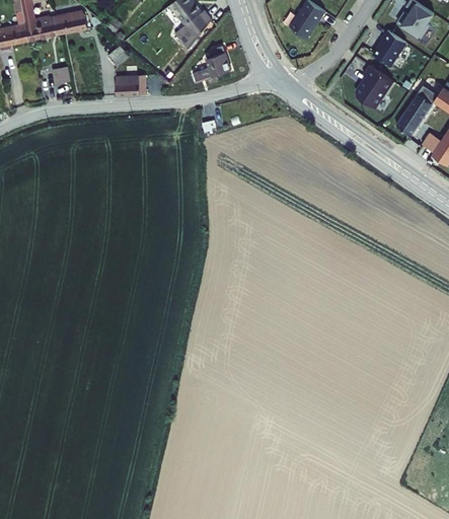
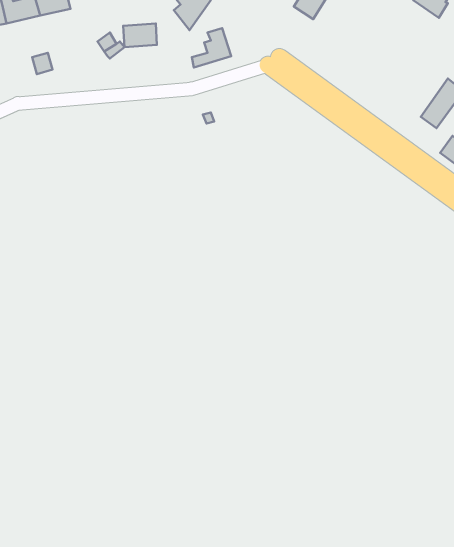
building: [371,27,404,64] -> none
building: [354,63,390,105] -> none
building: [118,74,148,95] -> [123,24,157,47]

